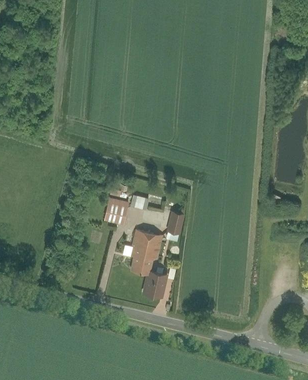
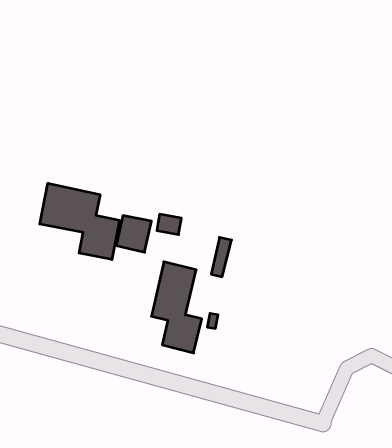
building: none -> [40,183,119,260]

